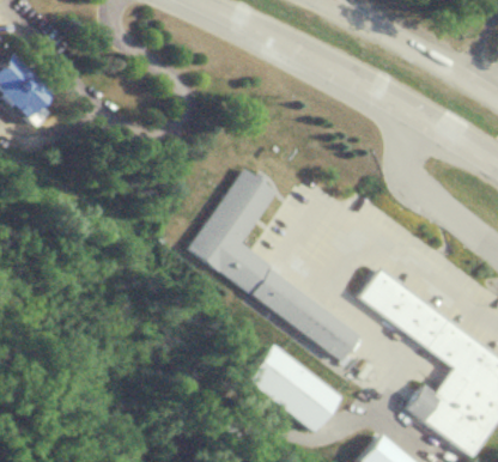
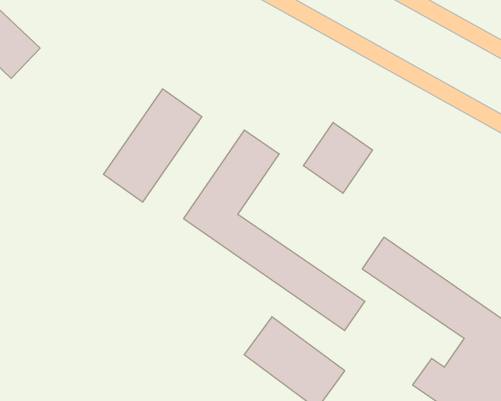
building: none -> [103,89,202,202]
building: none -> [303,122,373,193]

